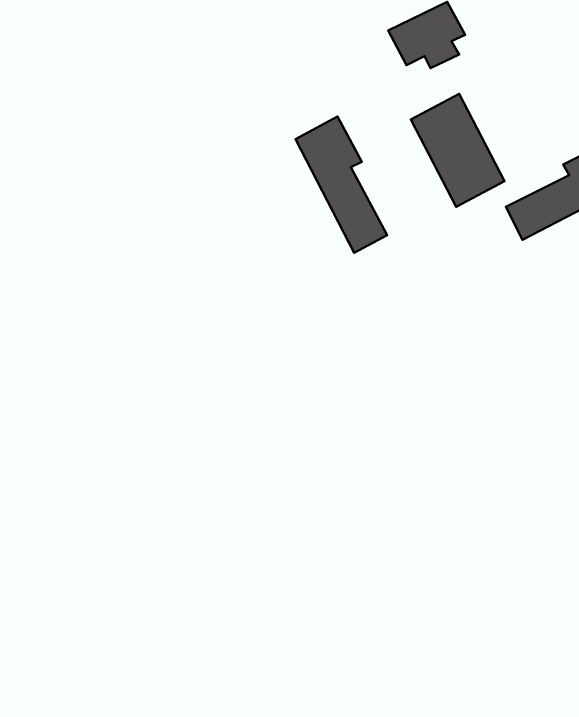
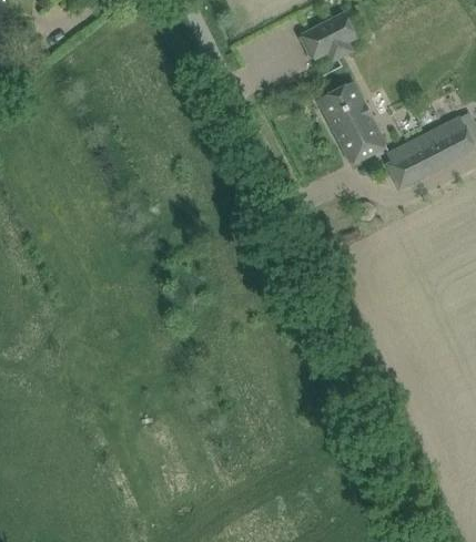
building: [296,117,387,253] -> none

